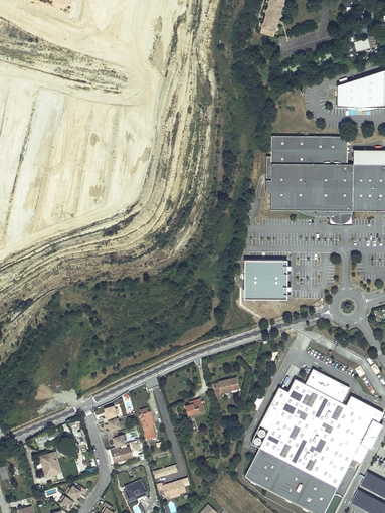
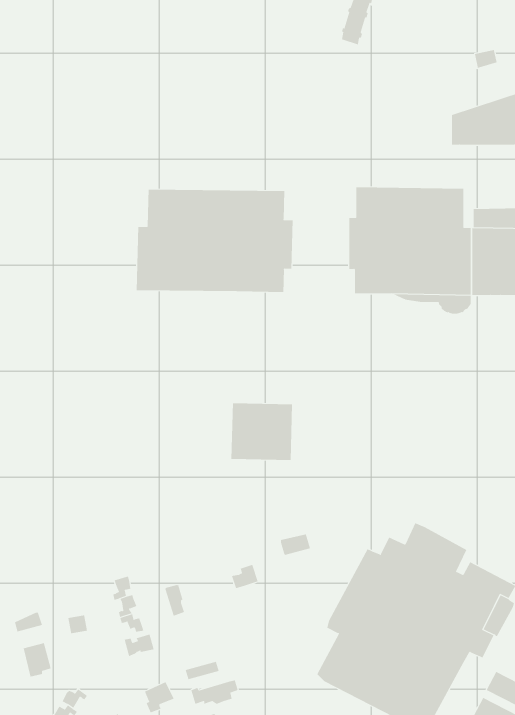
building: none -> [136,189,293,293]
building: [244,261,287,301] -> [231,403,293,461]

